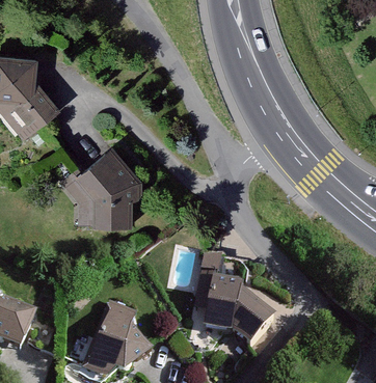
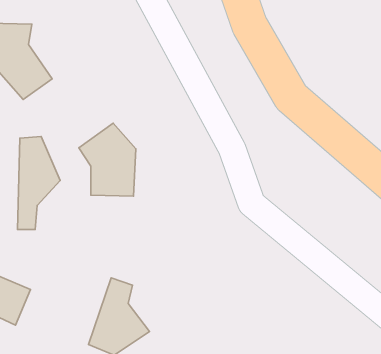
building: none -> [18,136,60,230]
building: [199,245,270,337] -> none

